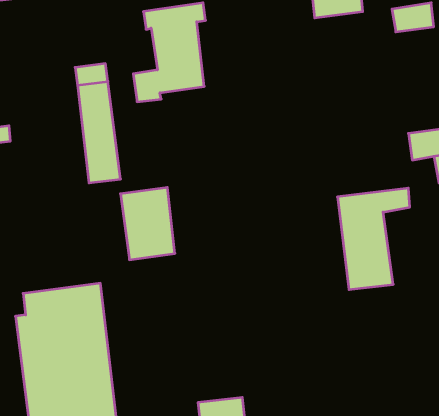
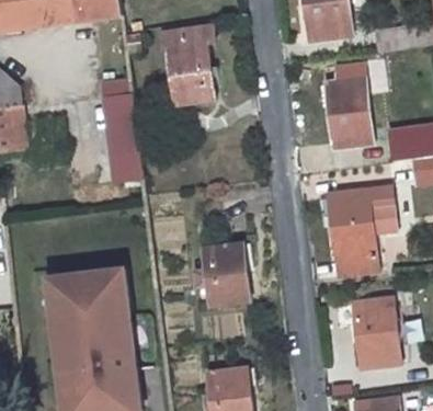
building: none -> [326,66,372,147]
building: [120,187,175,260] -> [202,242,249,305]
building: none -> [352,297,398,366]

